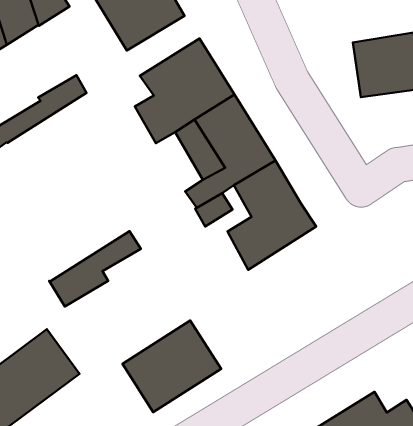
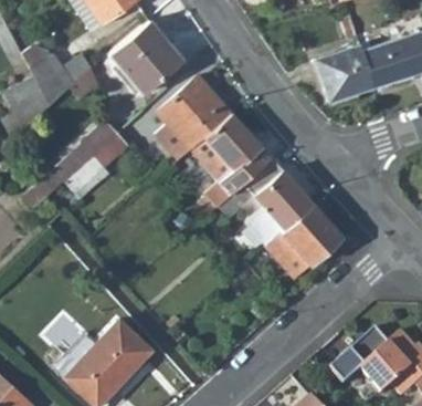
building: [49,231,141,307] -> [63,132,129,198]
building: [123,321,221,412] -> [265,205,341,280]

